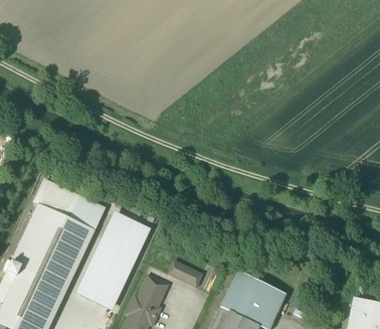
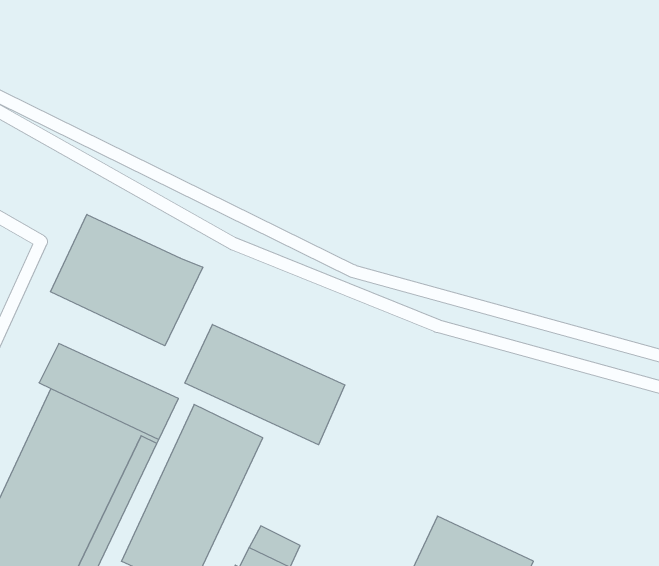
building: none -> [51,214,203,346]
building: none -> [185,324,345,445]
building: [167,261,202,287] -> none

